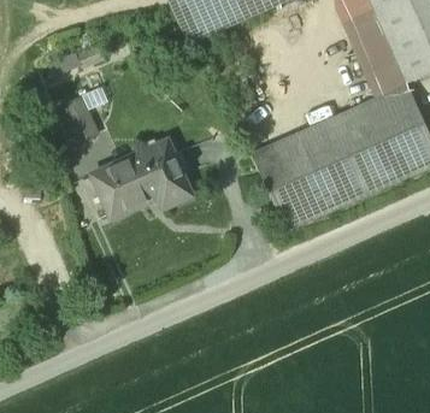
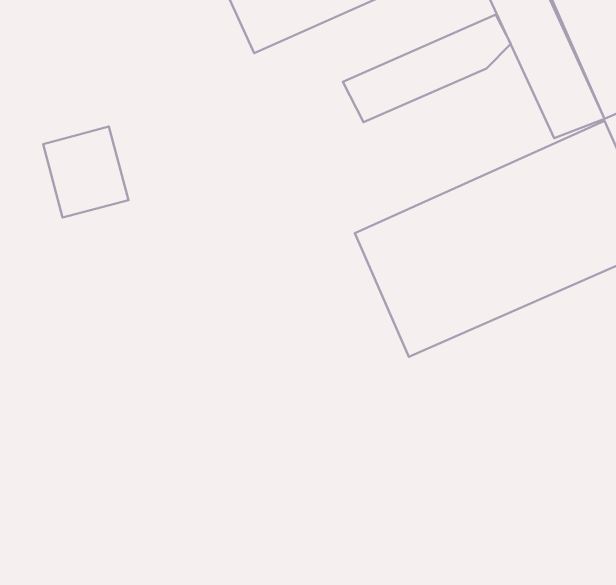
building: none -> [343,15,511,122]
building: [89,138,192,217] -> none

